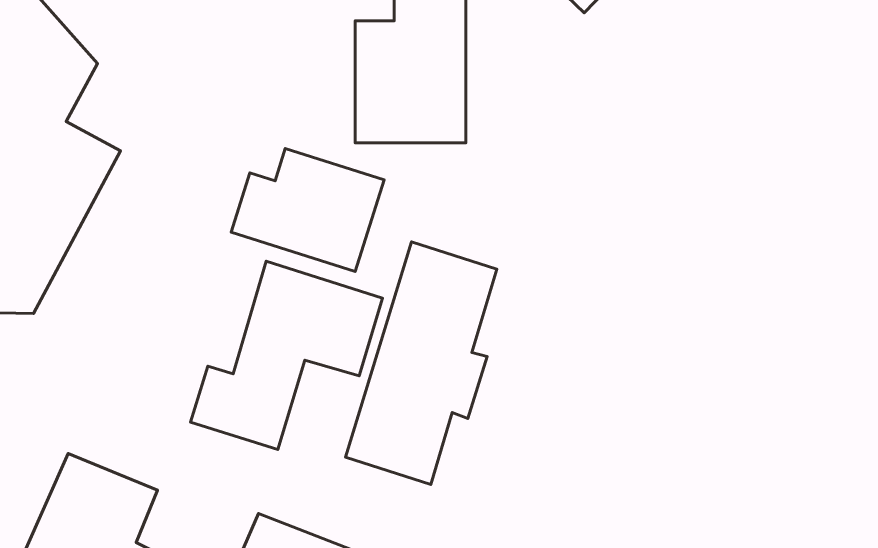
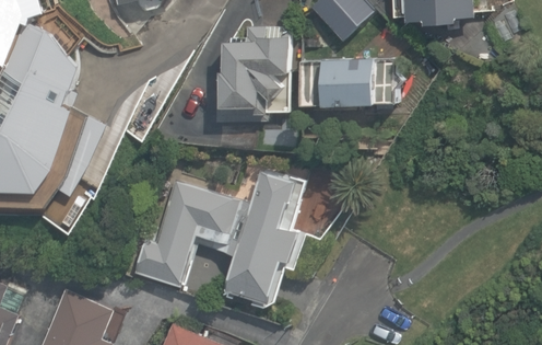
building: none -> [298,59,394,108]
building: [231,149,384,272] -> none

